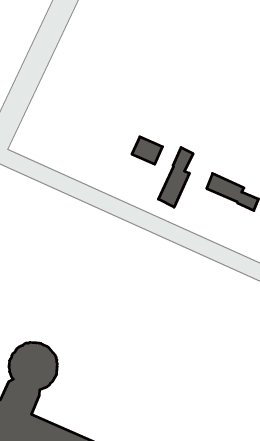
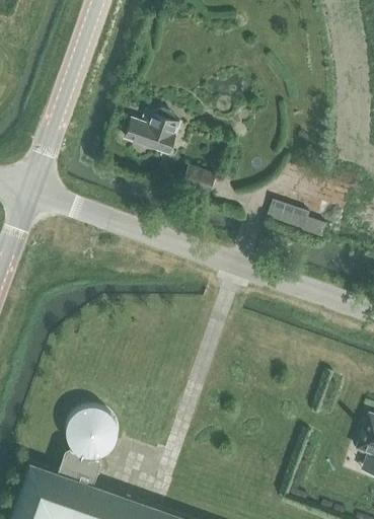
building: none -> [126,112,179,154]
building: [158,147,193,207] -> none

